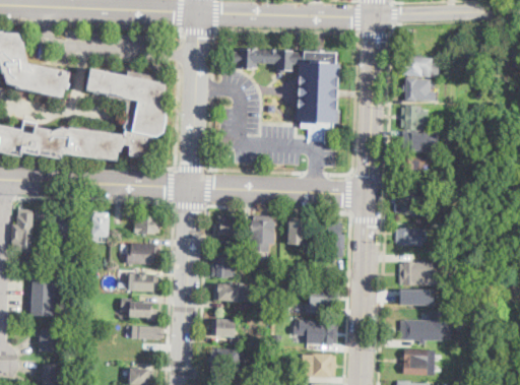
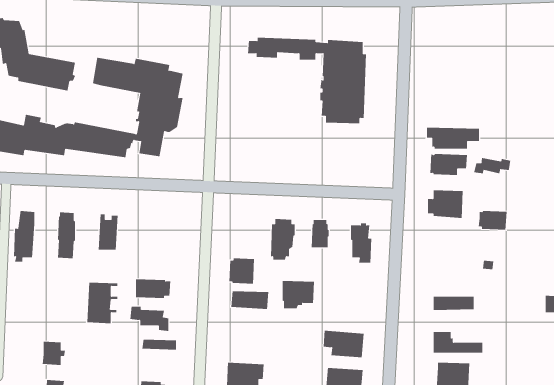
building: [397,56,439,77] -> none
building: [405,79,436,102] -> none
building: [400,106,428,131] -> none
building: none -> [474,157,511,174]
building: [133,213,160,233] -> none
building: [216,215,238,236] -> none
building: [395,229,422,247] -> [478,210,507,230]
building: [126,243,157,264] -> none
building: [399,264,432,286] -> none
building: [30,278,60,317] -> [86,282,118,324]
building: [308,284,338,311] -> [282,280,315,309]
building: [211,319,235,336] -> none

